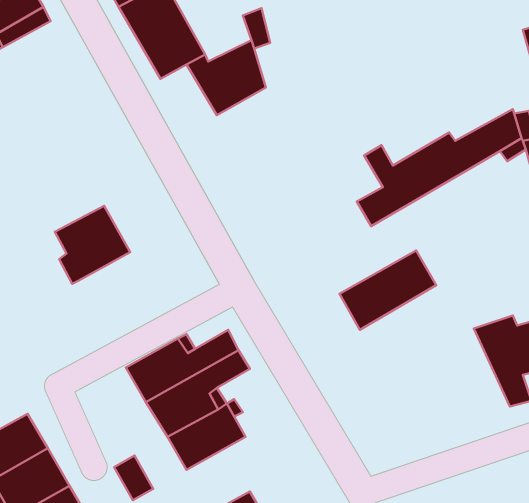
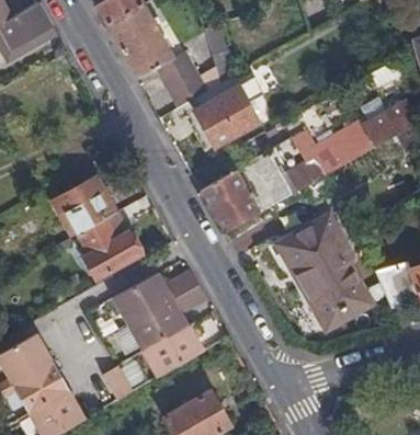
building: none -> [195,91,259,150]
building: none -> [203,152,293,232]
building: none -> [76,210,139,277]
building: none -> [290,236,375,331]

